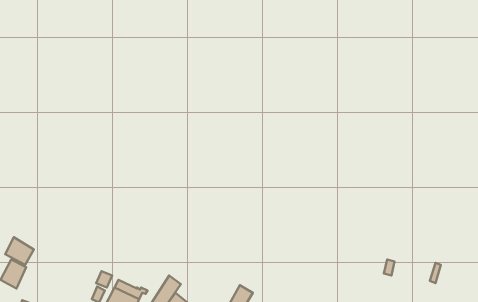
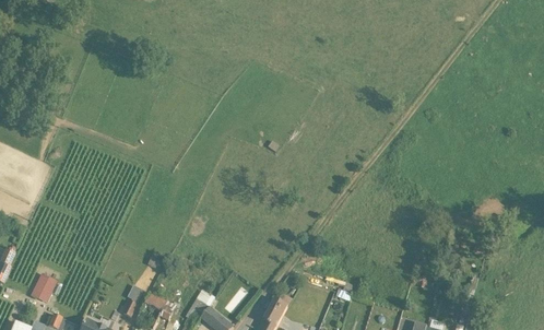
building: [5,237,34,265] -> none

